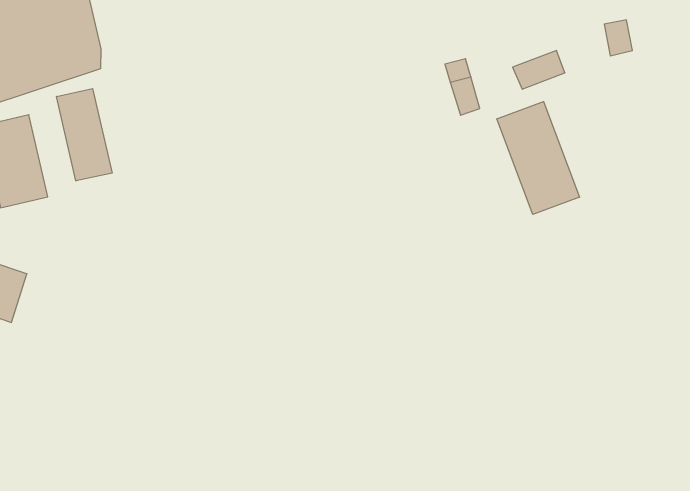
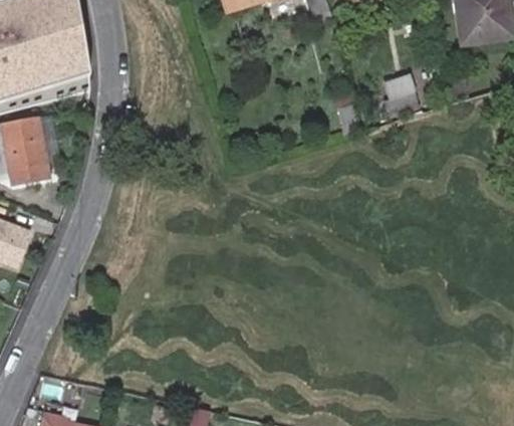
building: [57,89,112,181] -> none
building: [497,102,580,214] -> none

